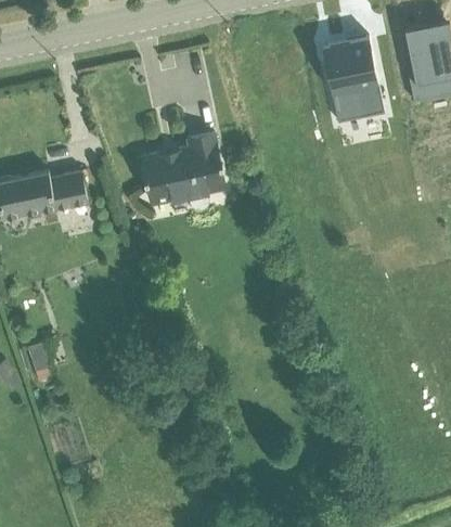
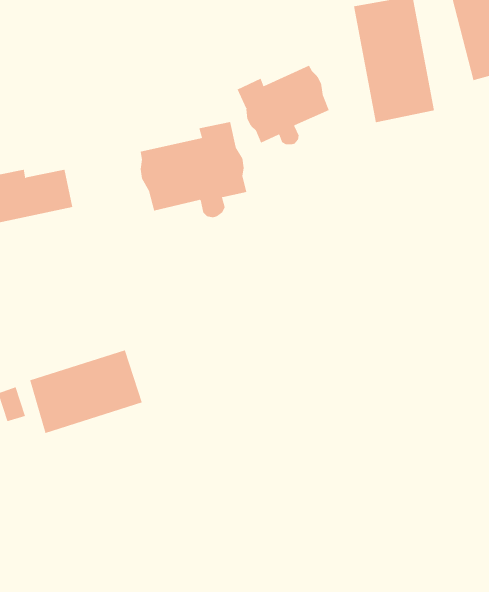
building: none -> [237,65,330,145]
building: none -> [30,350,142,434]

